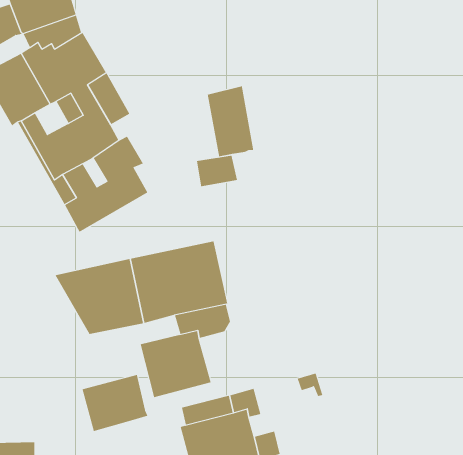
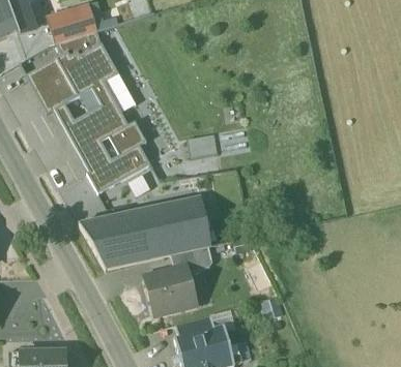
building: [207,85,254,157] -> none
building: [82,374,148,432] -> none

